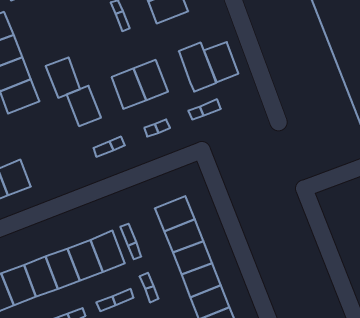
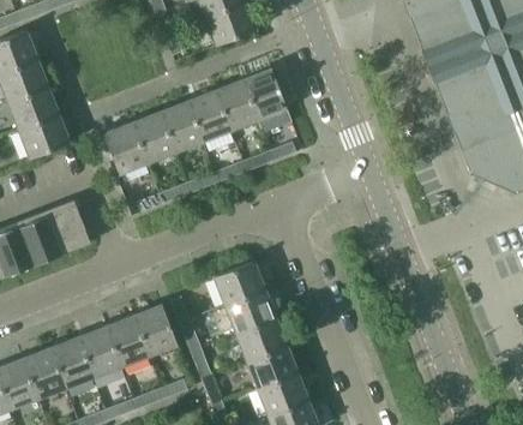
building: [204,42,238,82] -> [215,80,258,131]
building: [46,57,80,98] -> [131,113,174,163]
building: none -> [46,205,88,250]

